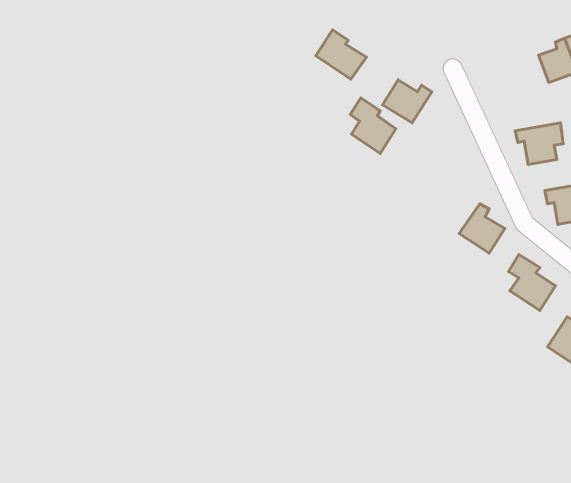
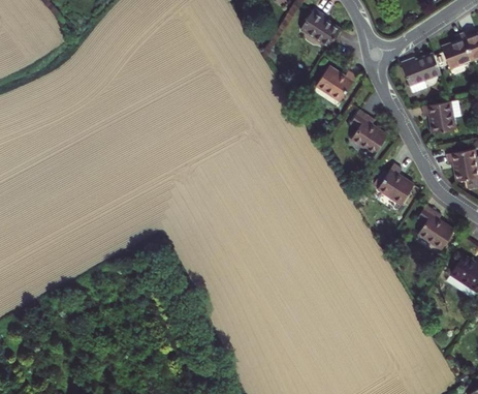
building: [316,30,366,79] -> [299,7,340,47]
building: none -> [401,54,439,92]
building: [350,98,396,154] -> [350,110,386,154]

